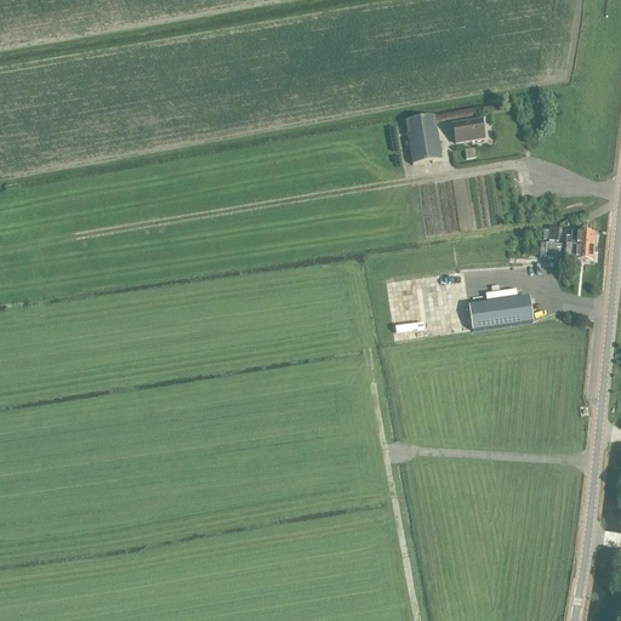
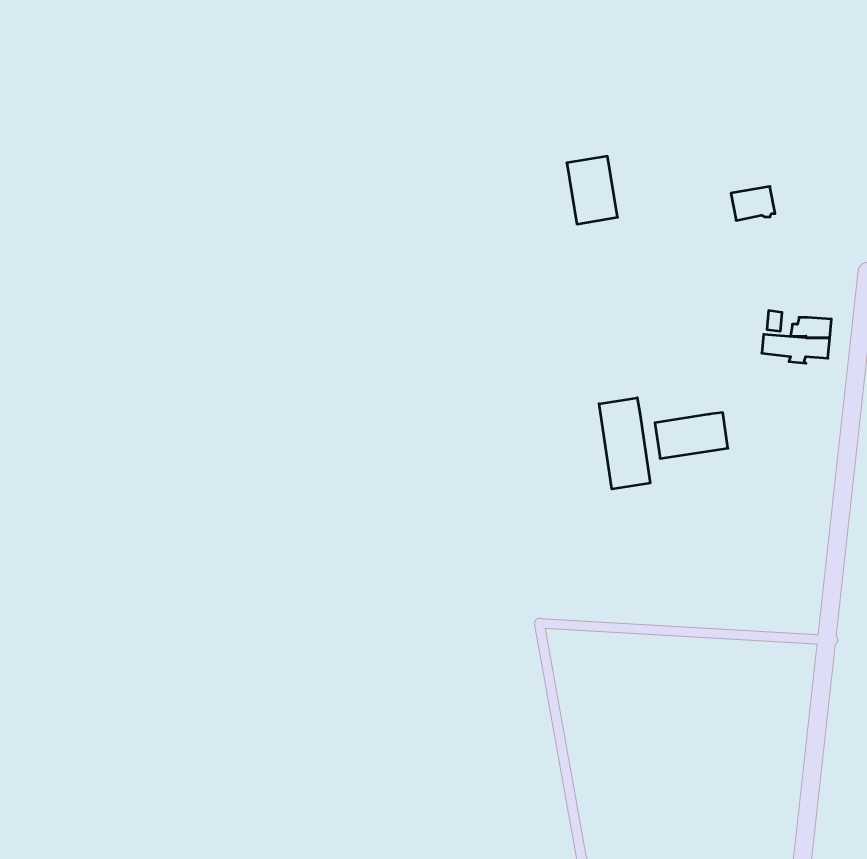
building: [452,114,484,138] -> [731,186,775,220]
building: none -> [599,398,650,489]

